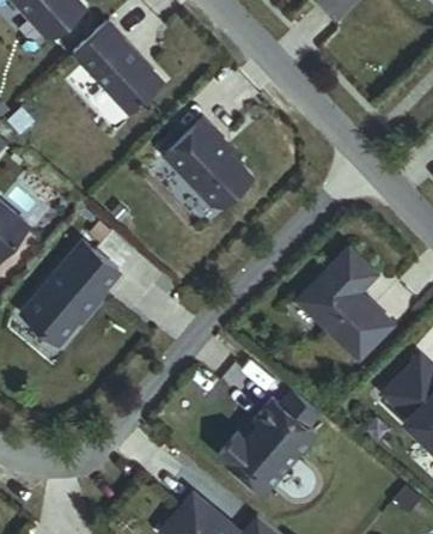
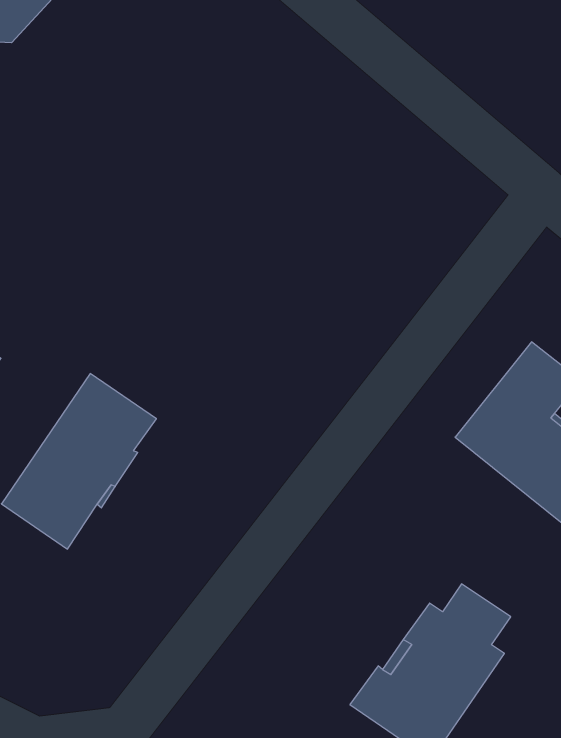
building: [74,22,164,113] -> none
building: [167,119,258,205] -> none

